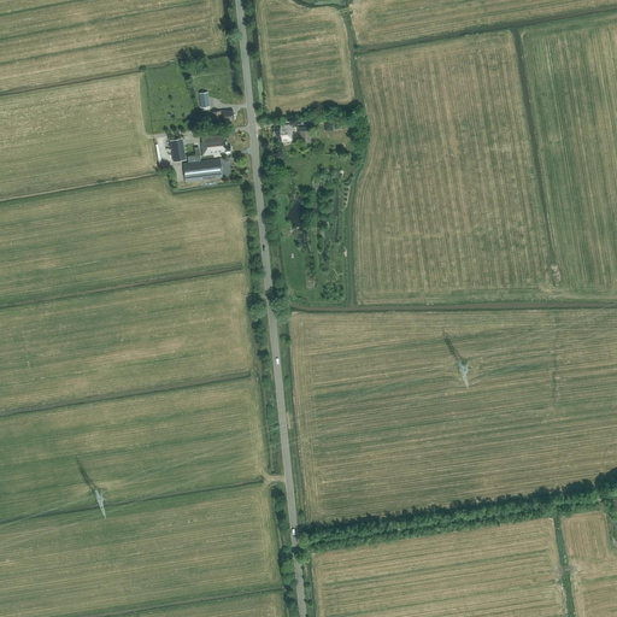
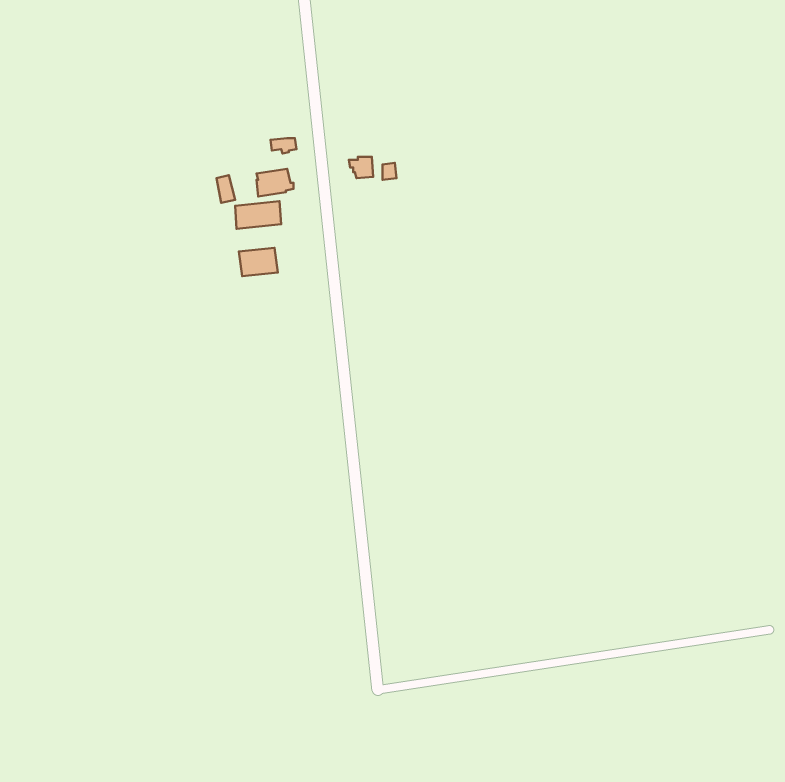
building: none -> [239,248,278,276]

